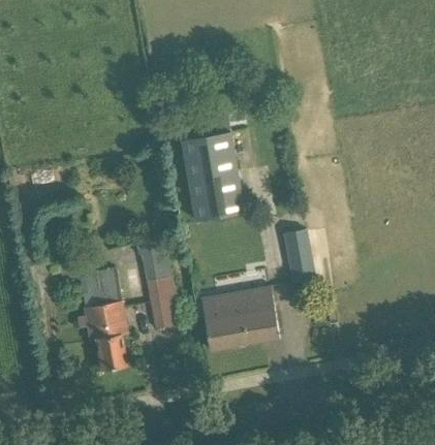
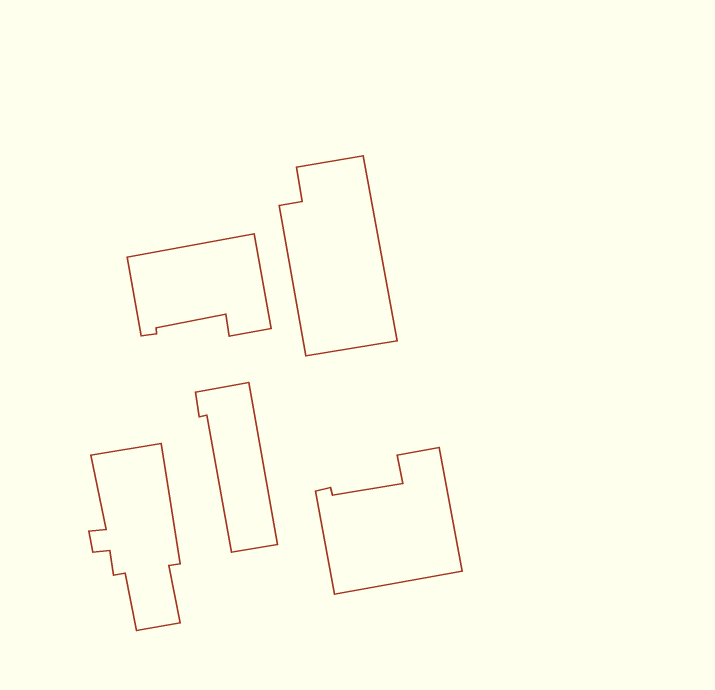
building: none -> [127,234,271,336]
building: [285,230,315,283] -> none

